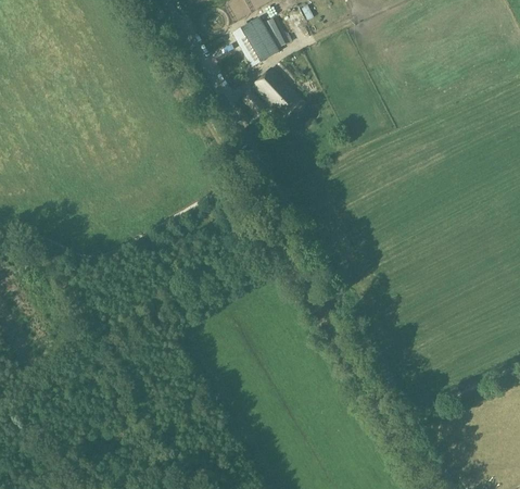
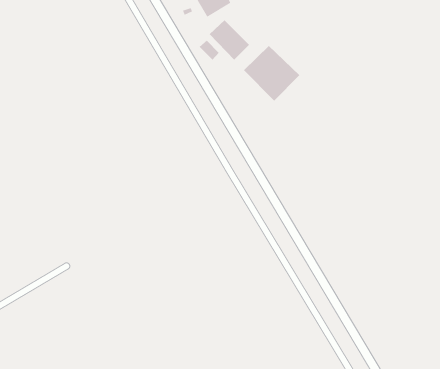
building: none -> [243,45,300,101]

